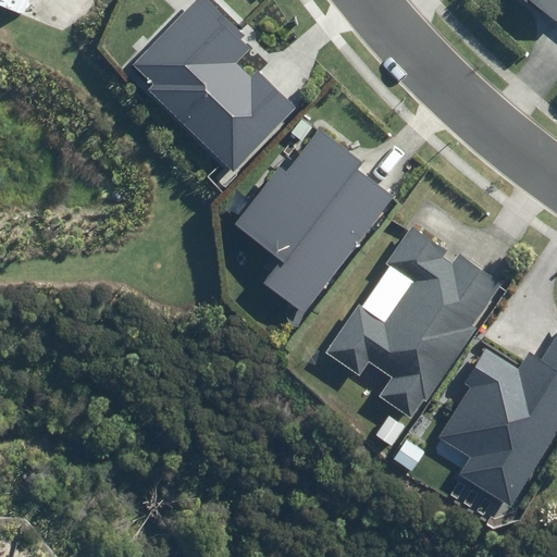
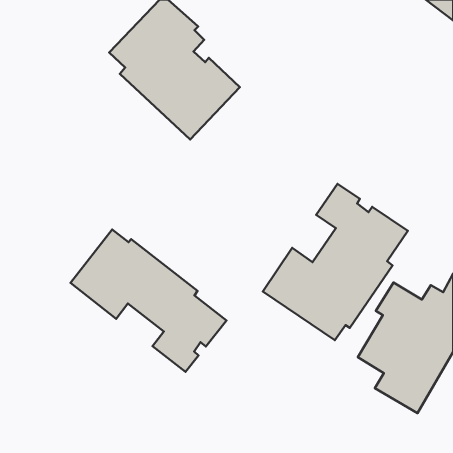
building: [235,127,394,313] -> none
building: none -> [70,230,227,372]

